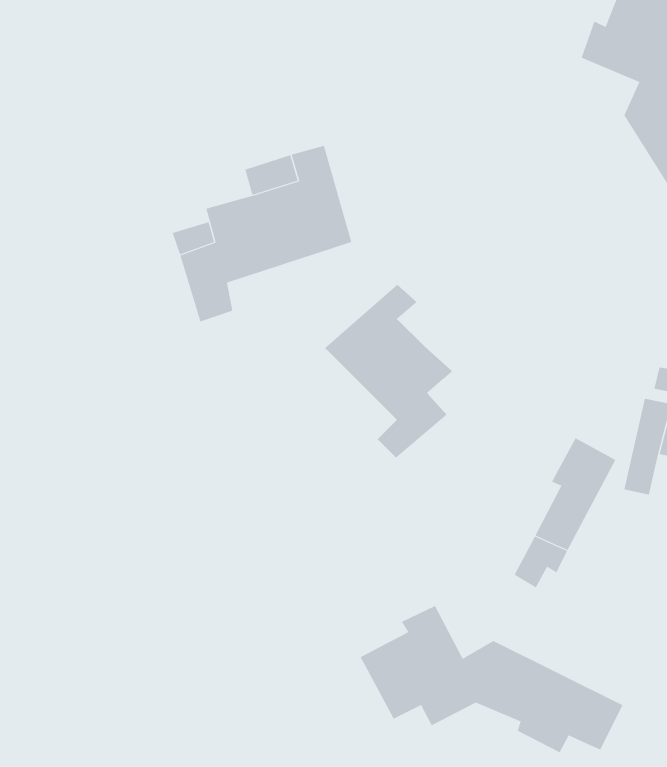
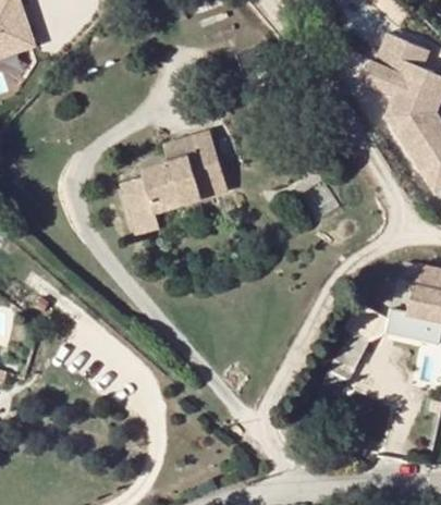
building: [324,284,453,459] -> none
building: [360,605,623,753] -> none

